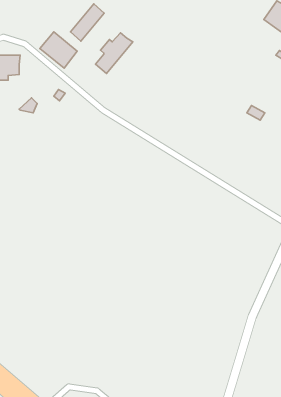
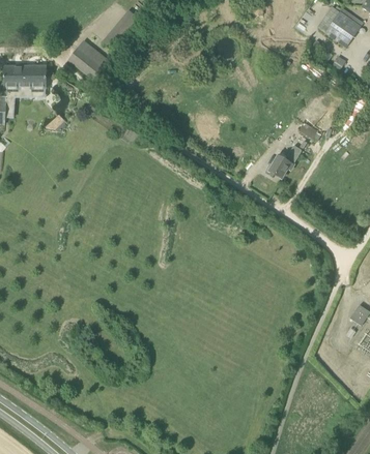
building: [95,33,133,74] -> none
building: none -> [266,144,302,177]

